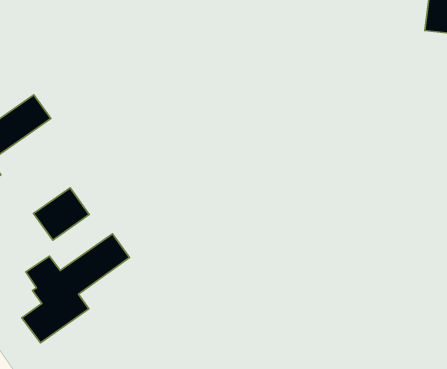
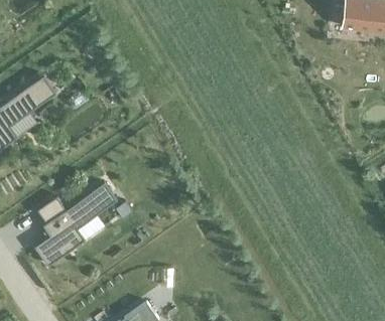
building: [34,188,89,240] -> none

